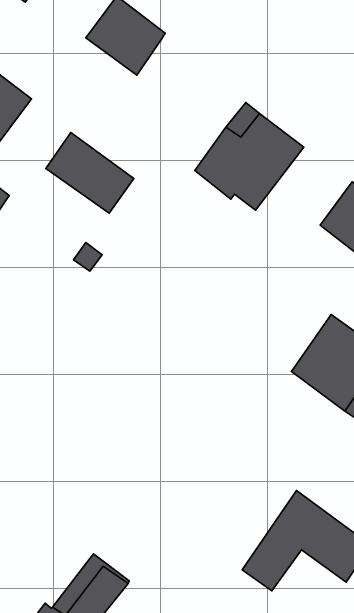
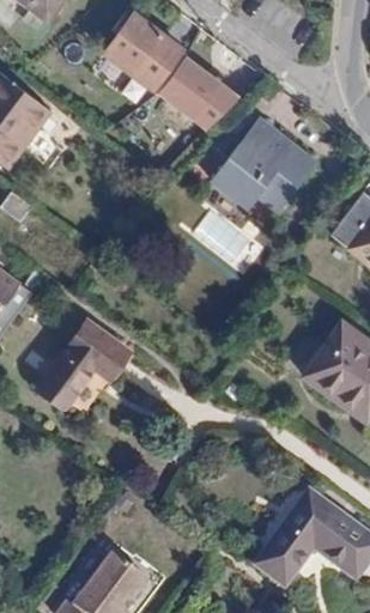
building: [46,133,134,213] -> [154,54,239,132]
building: none -> [38,320,131,409]

